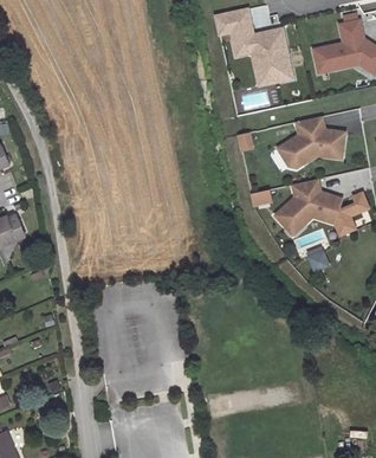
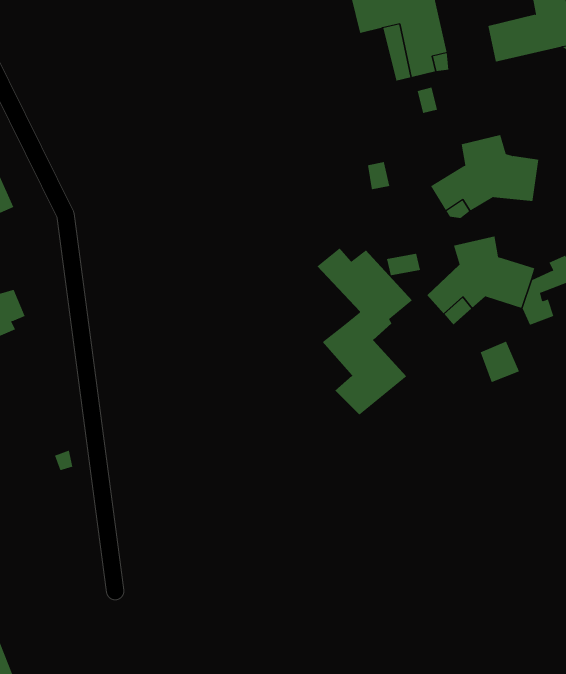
building: none -> [316,247,413,416]

